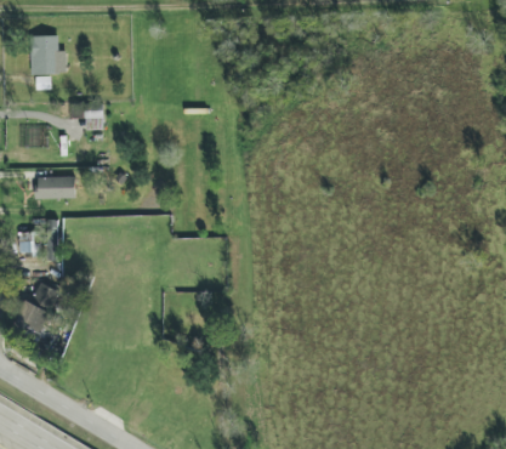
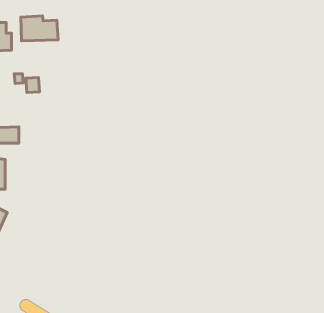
building: none -> [21,16,58,41]

